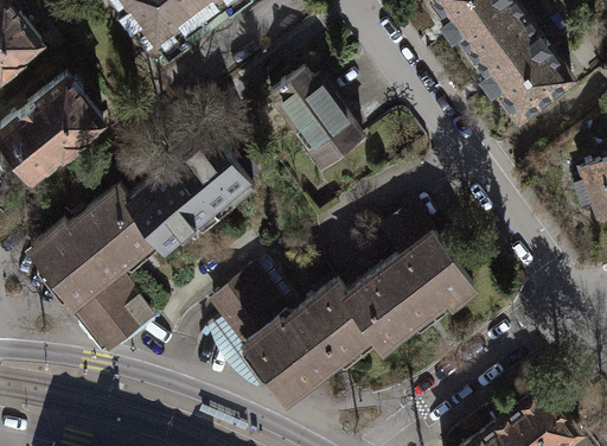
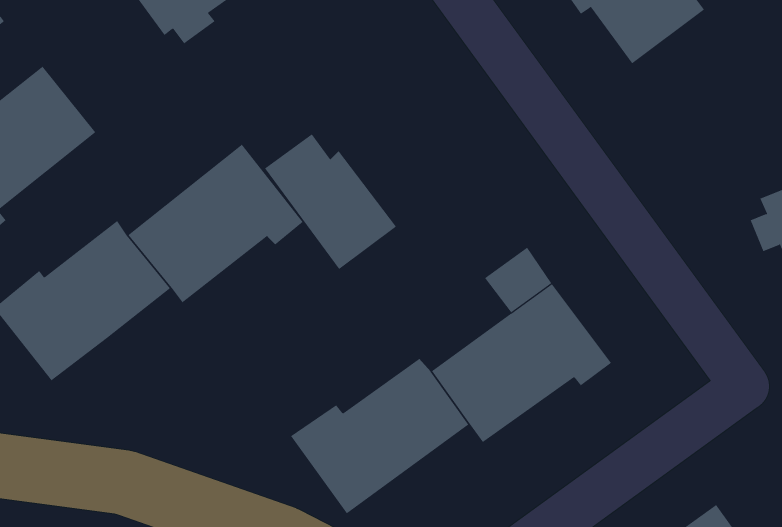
building: [481,36,573,117] -> none
building: [270,71,365,168] -> [264,134,397,270]
building: [212,267,290,340] -> none
building: [74,270,153,350] -> none

